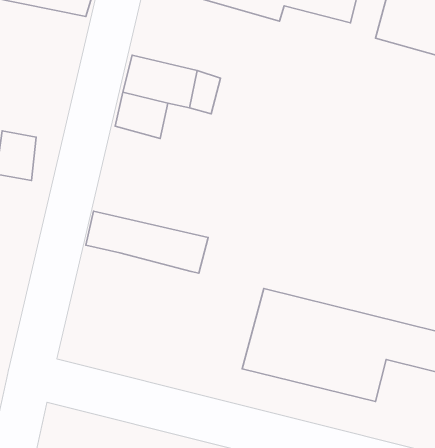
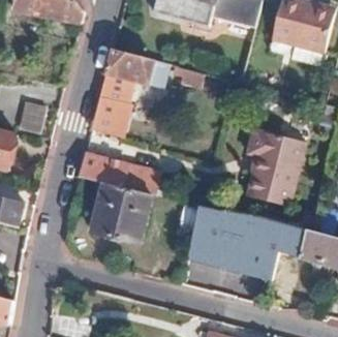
building: none -> [90,96,129,137]
building: none -> [246,128,305,206]
building: none -> [90,181,150,243]

